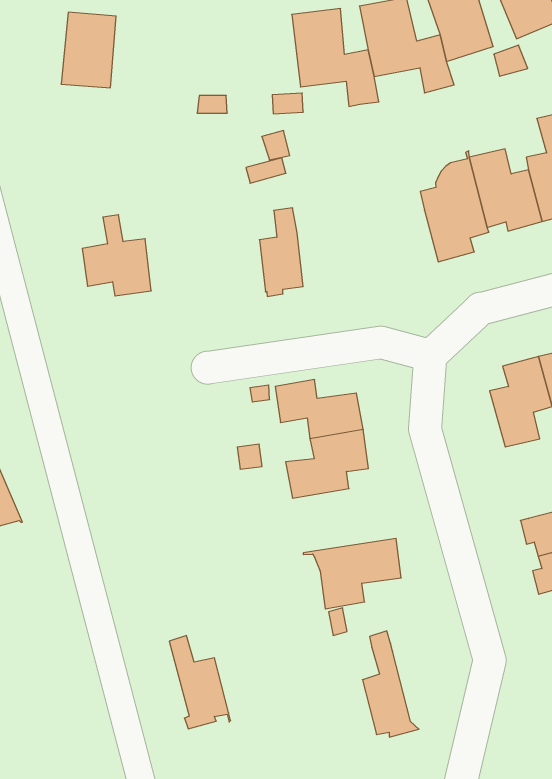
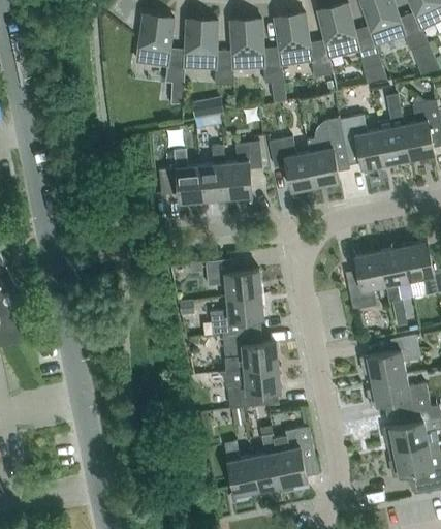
building: [61,12,116,88] -> [135,14,174,65]
building: none -> [184,20,217,67]
building: none -> [269,138,316,192]
building: none -> [225,144,260,198]
building: [82,215,151,296] -> [159,150,202,203]
building: none -> [223,331,279,371]
building: none -> [273,427,315,492]
building: [169,636,231,729] -> [223,441,260,502]

